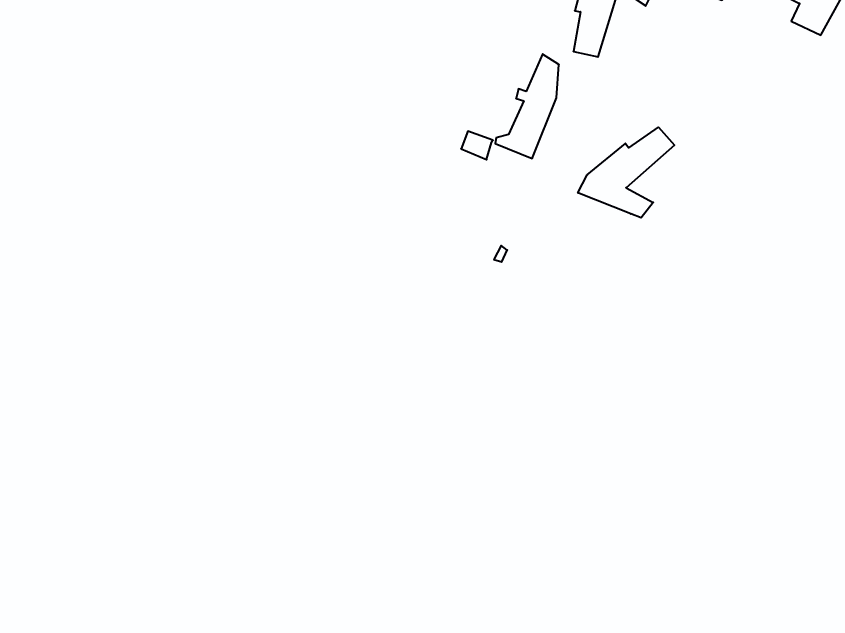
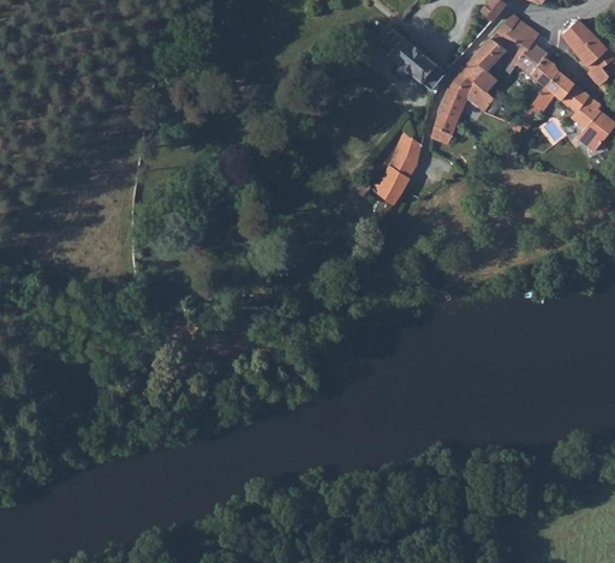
building: [578,127,674,218] -> none

